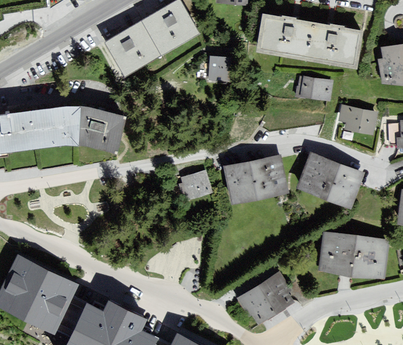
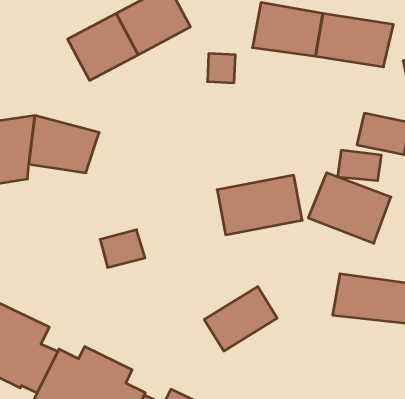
building: [298,78,334,103] -> [338,150,381,181]
building: [177,169,214,200] -> [100,230,145,267]
building: [238,273,298,326] -> [204,287,277,351]

